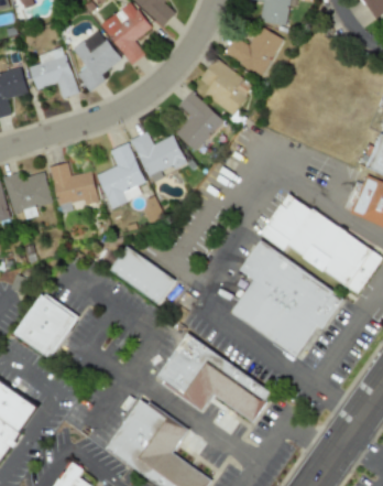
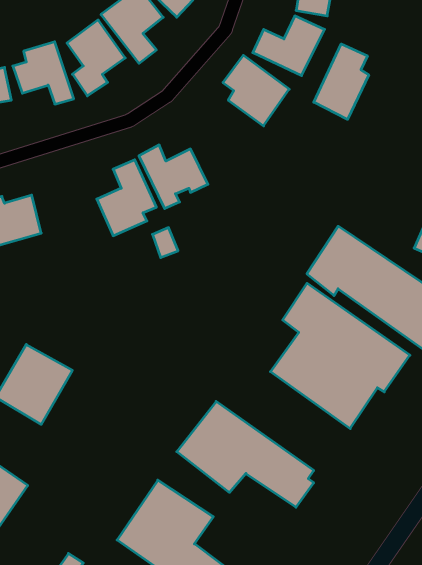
building: none -> [314,44,369,119]
building: [174,90,222,151] -> none
building: [48,162,97,205] -> none
building: [109,245,174,304] -> none

